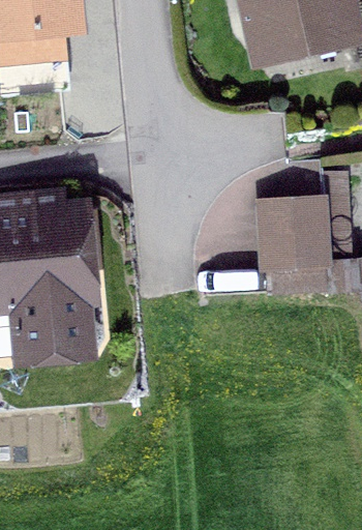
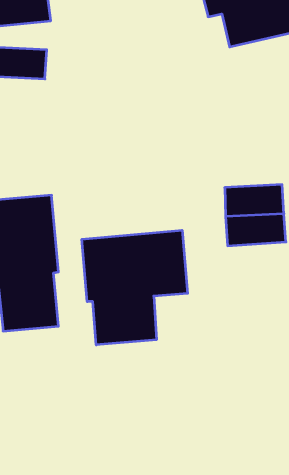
building: none -> [82,230,188,345]

